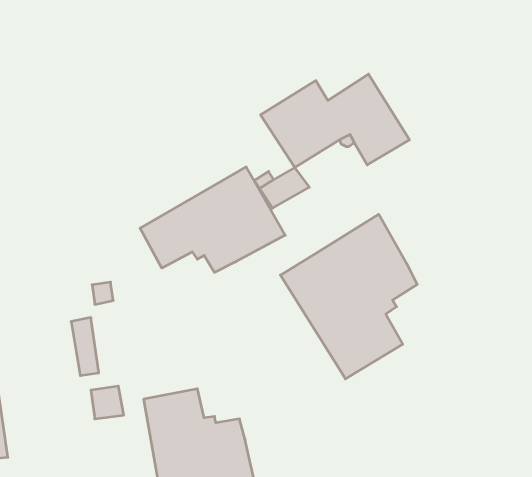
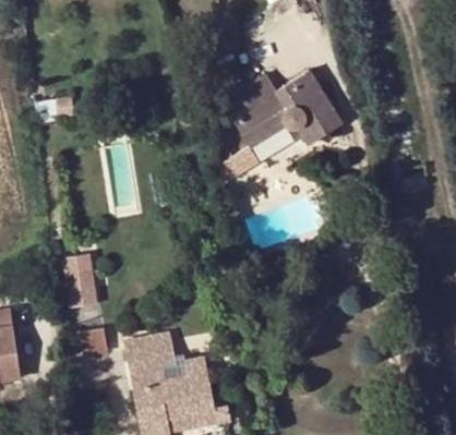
building: [140,167,285,272] -> none
building: [280,214,417,379] -> none

